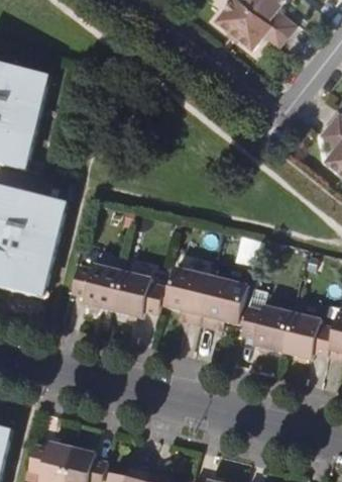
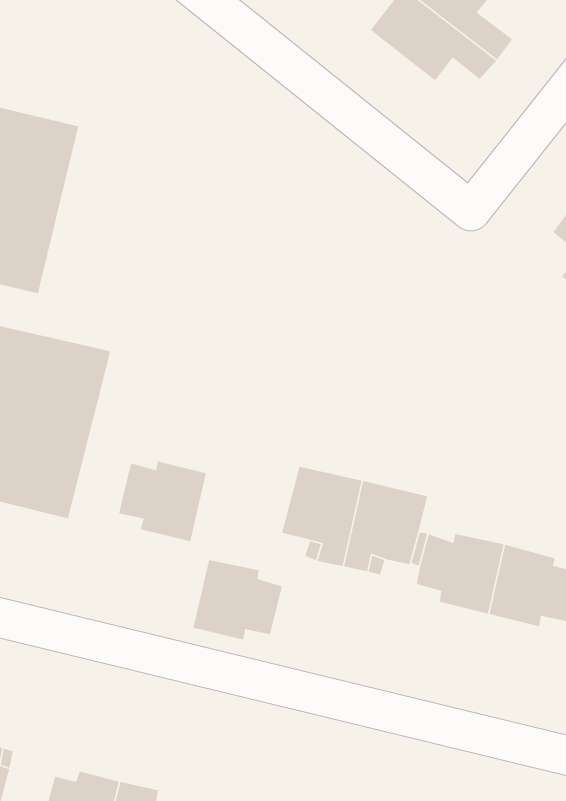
building: [113,272,164,318] -> [193,559,283,641]

